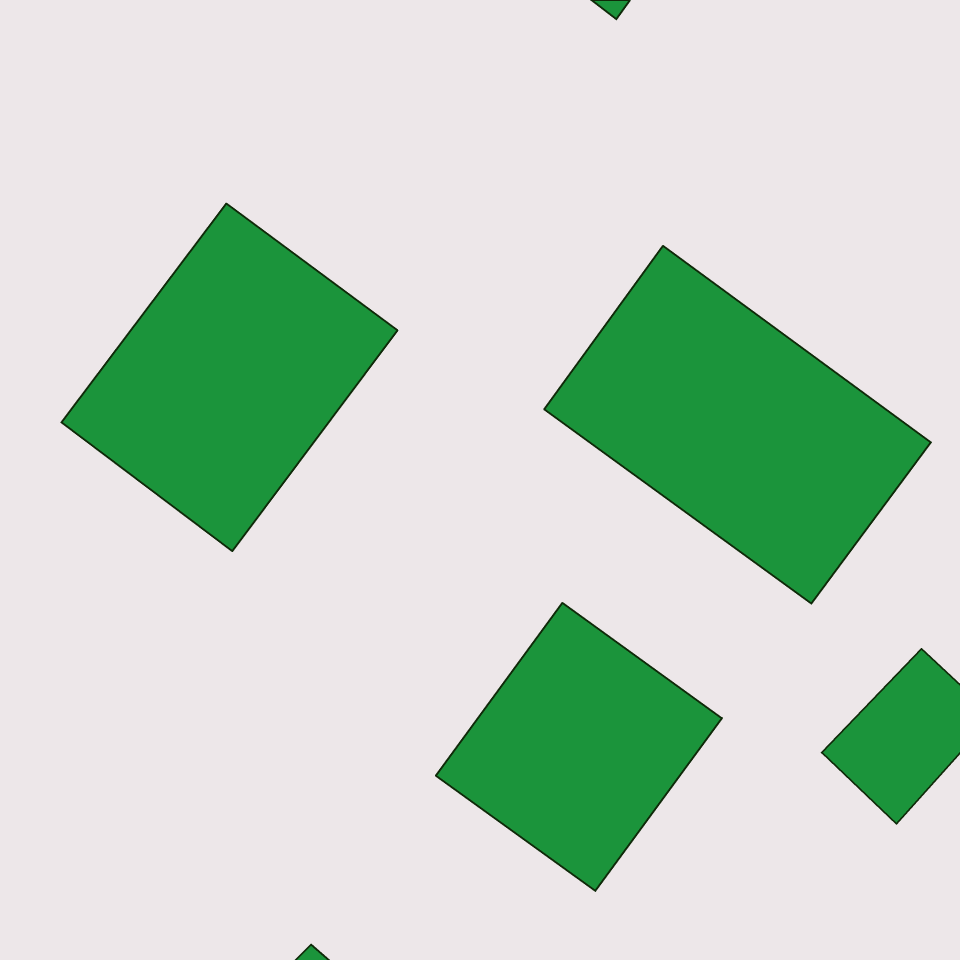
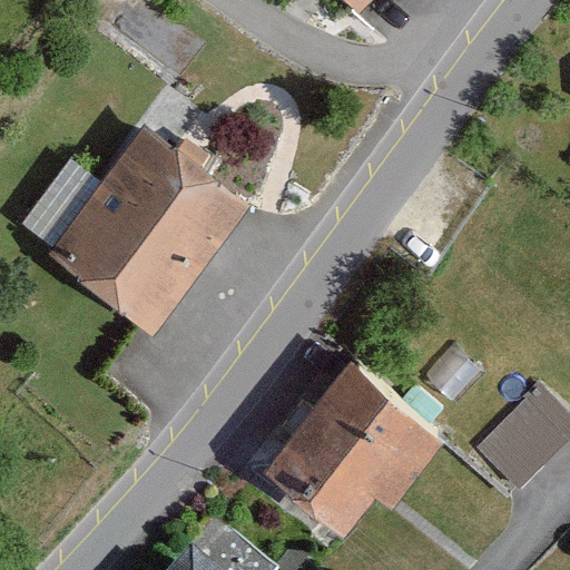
building: [544,246,931,604] -> none

